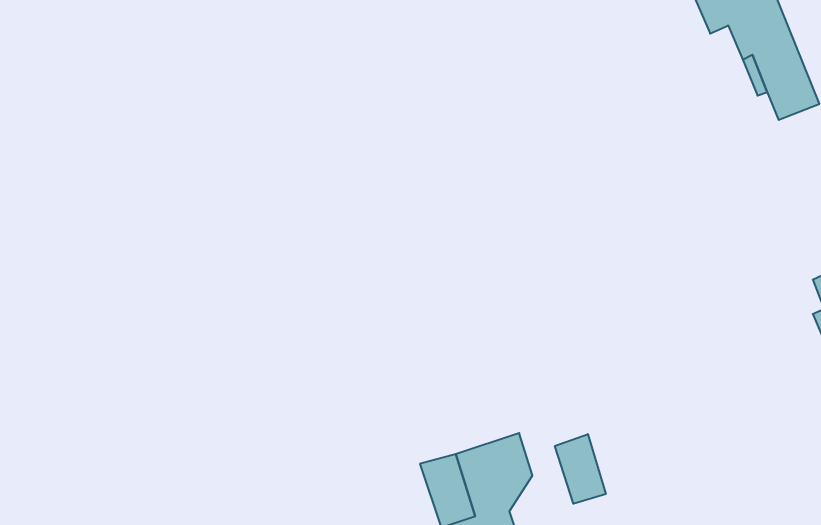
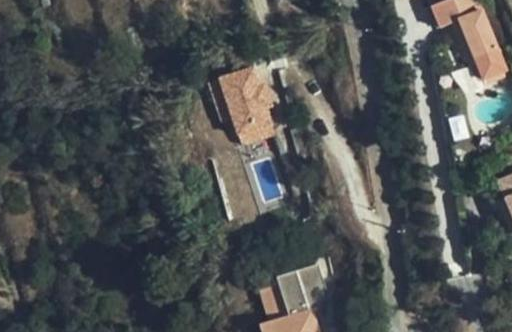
building: none -> [210,63,279,142]
building: [555,434,606,504] -> none

